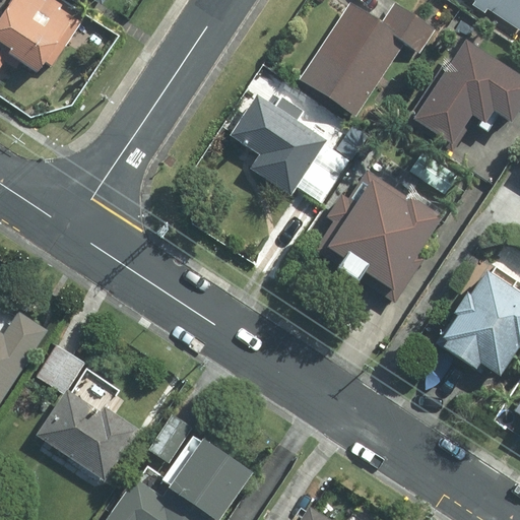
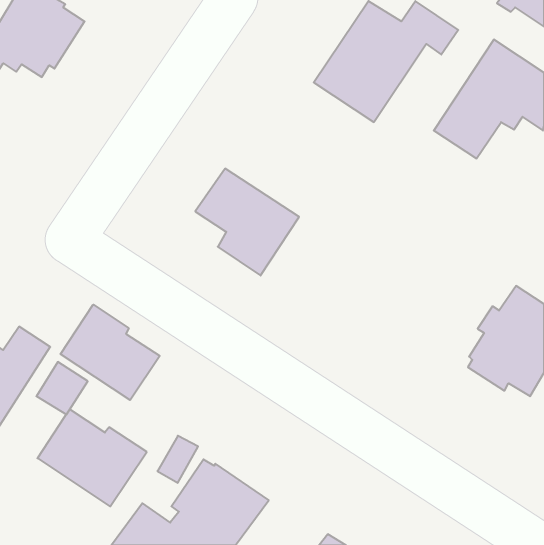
building: [229,93,327,195] -> [195,169,299,276]
building: [314,170,444,303] -> none
building: none -> [61,305,160,400]

